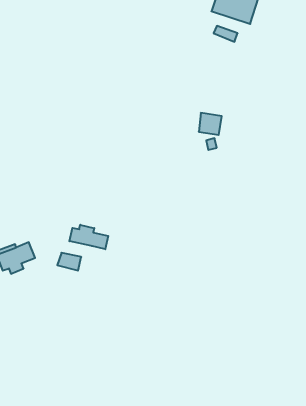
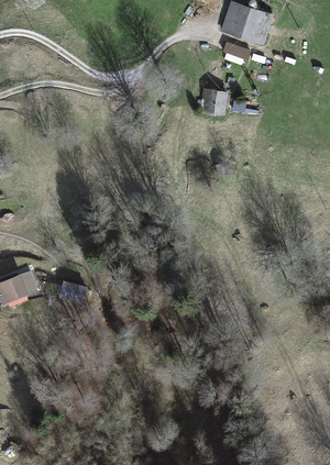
building: [199,113,222,135] -> [201,90,226,113]
building: [69,225,108,249] -> none

